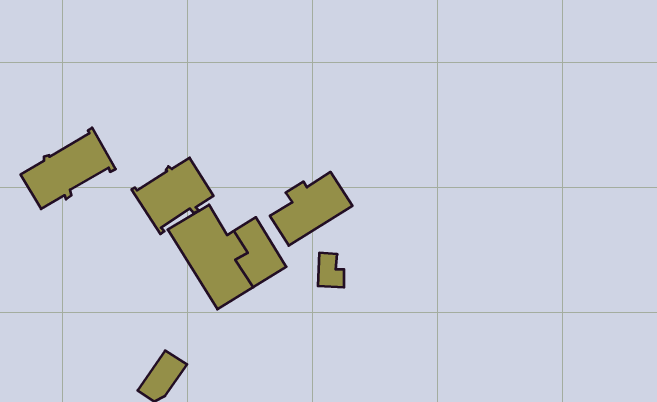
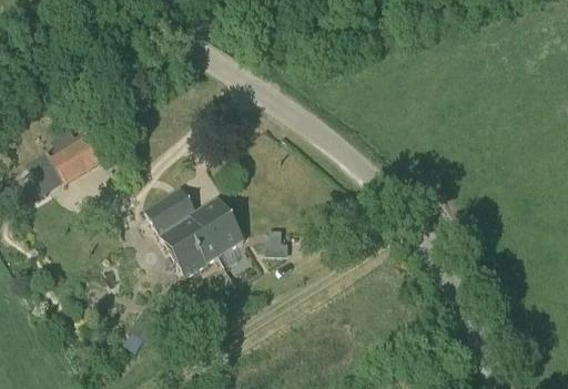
building: [132,158,213,234] -> none
building: [270,172,352,246] -> none

